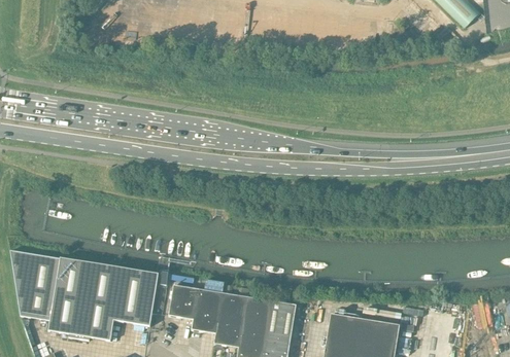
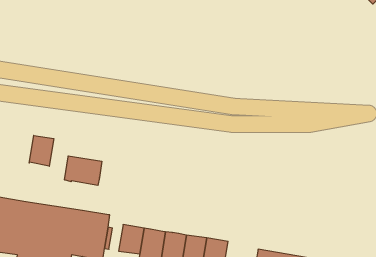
building: none -> [29,135,54,166]
building: none -> [65,156,102,185]

